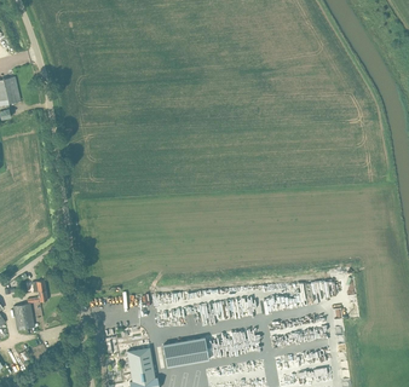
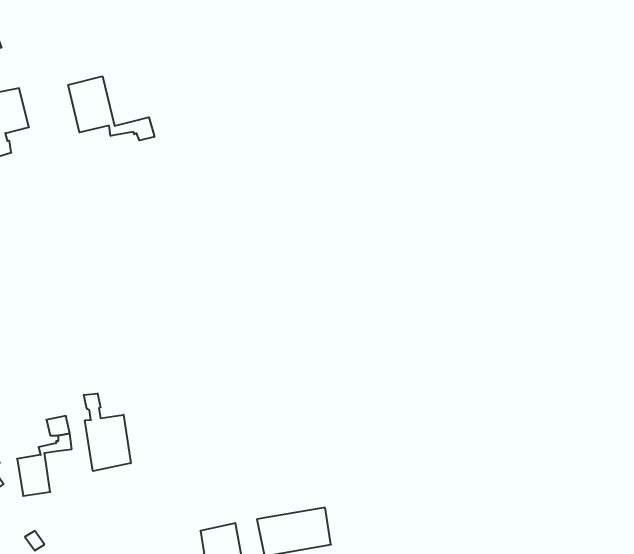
building: none -> [68,76,154,140]
building: none -> [84,393,131,471]

